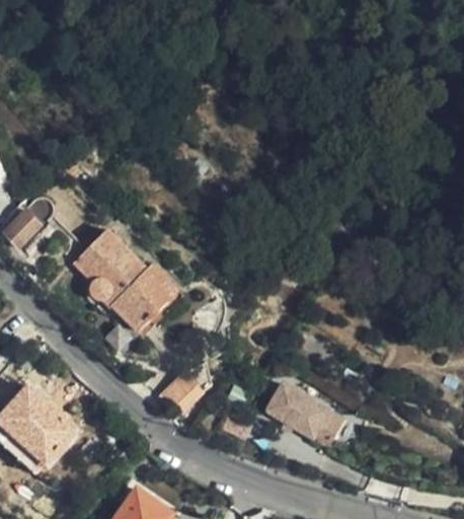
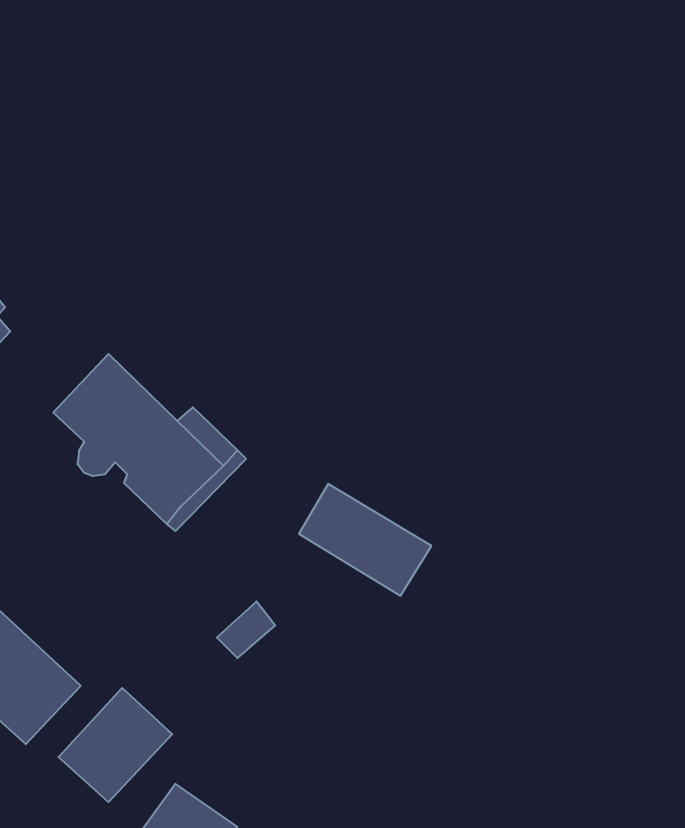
building: [268,376,346,442] -> [299,484,431,596]
building: none -> [58,688,172,802]

